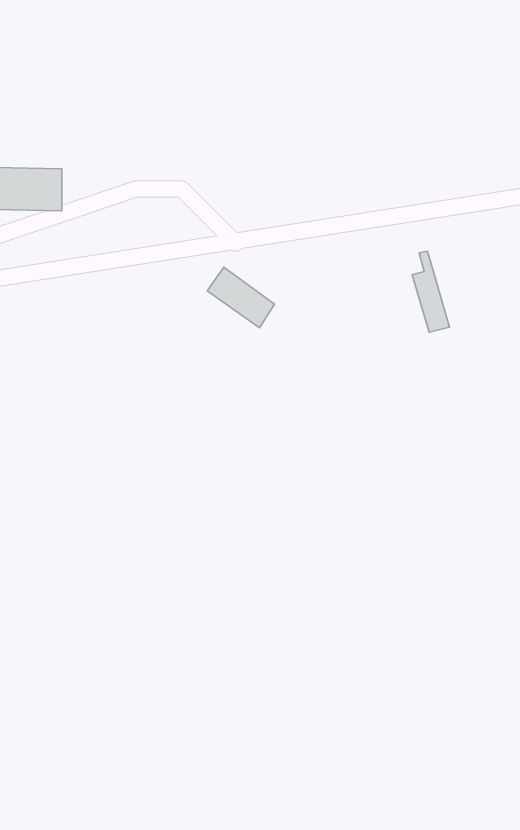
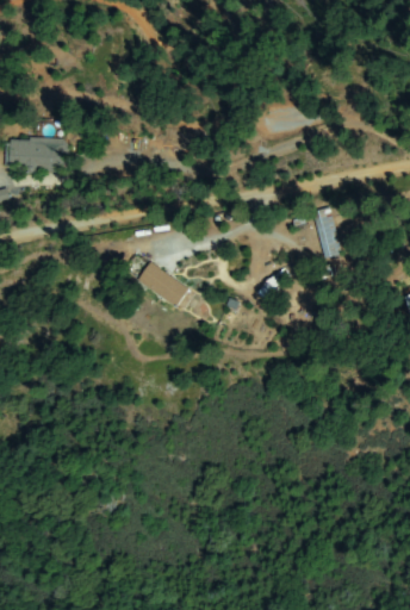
building: [207,267,275,328] -> [139,262,187,305]

